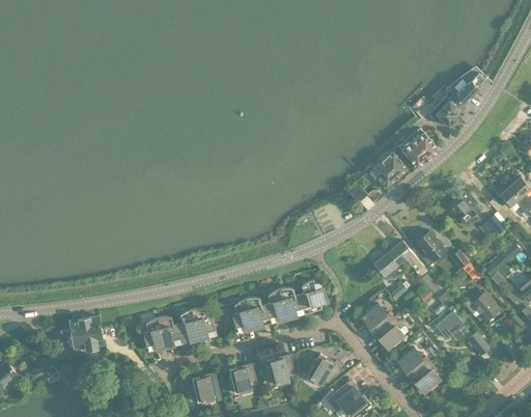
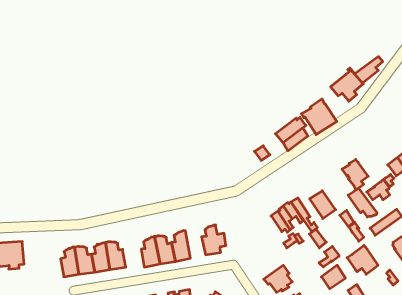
building: none -> [348,188,377,217]
building: [279,287,304,318] -> none
building: [361,304,392,335] -> none

